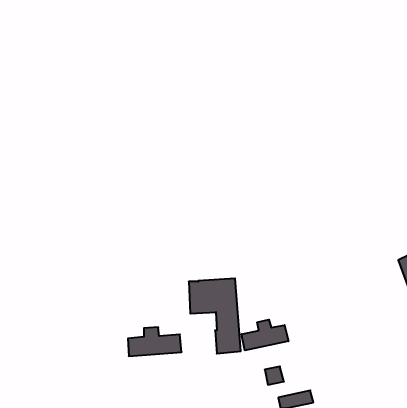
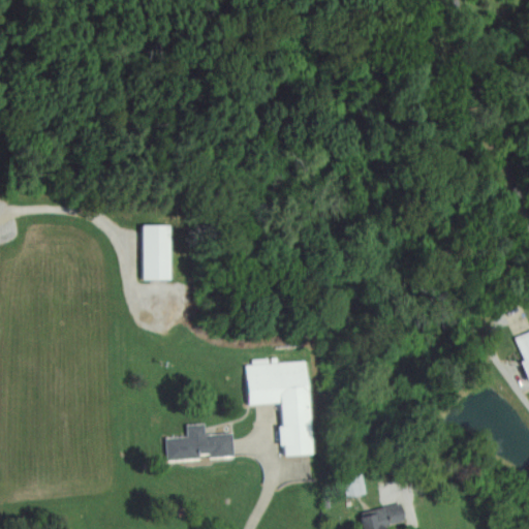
building: none -> [142,224,170,280]
building: [242,320,288,350] -> none

